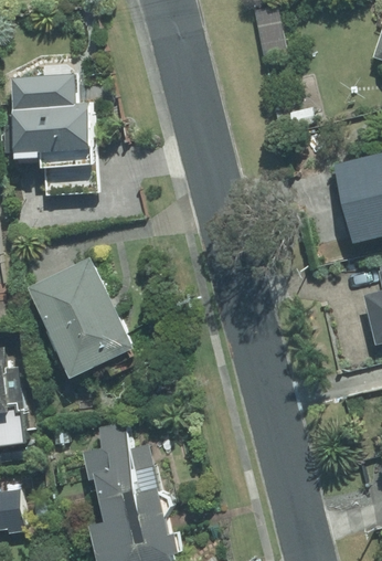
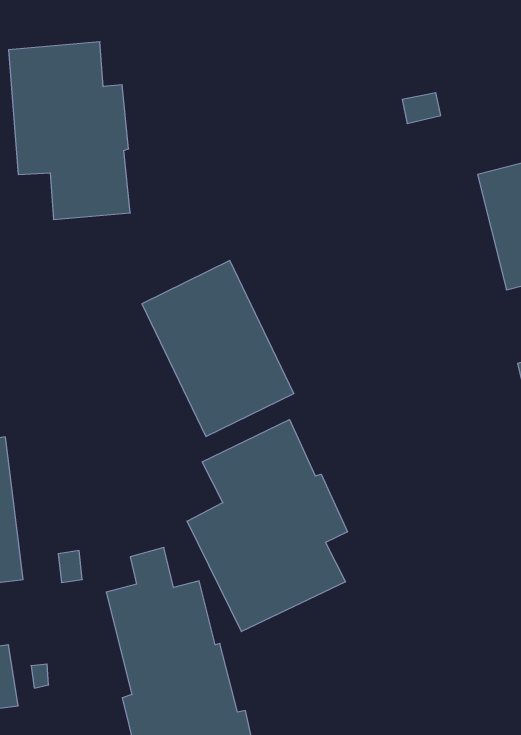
building: [29,256,134,378] -> [142,261,294,437]
building: none -> [187,420,347,632]

